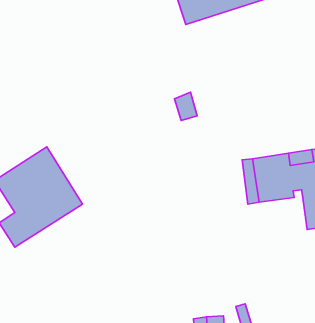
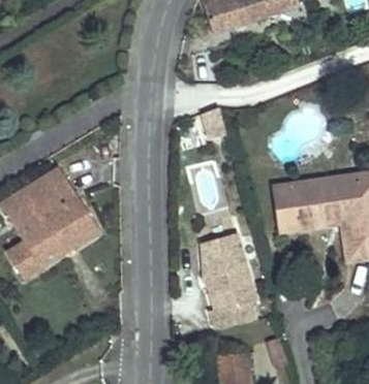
building: none -> [202,232,257,329]

